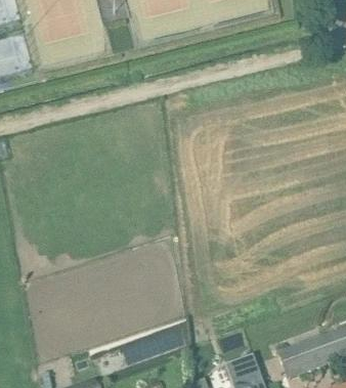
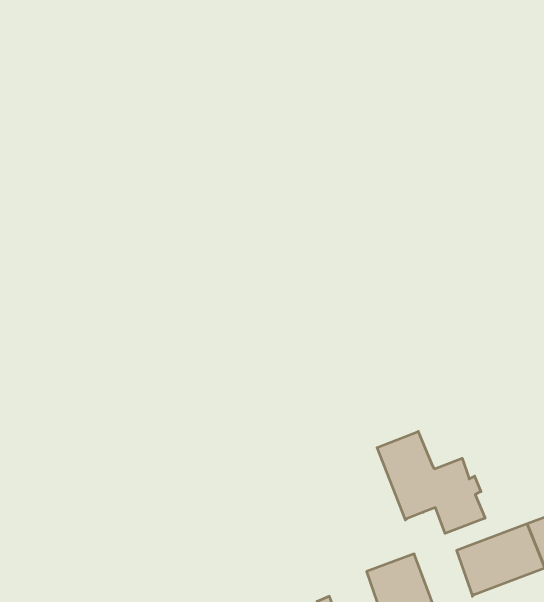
building: none -> [377,431,485,533]

